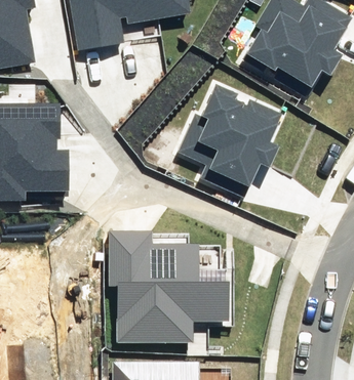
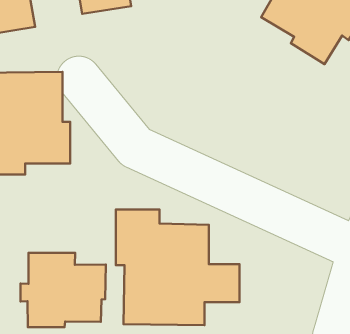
building: [179,86,282,193] -> none
building: none -> [20,253,106,327]

